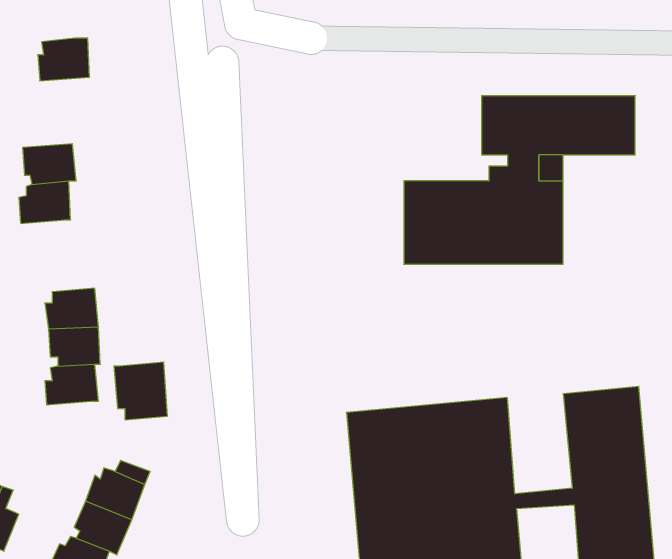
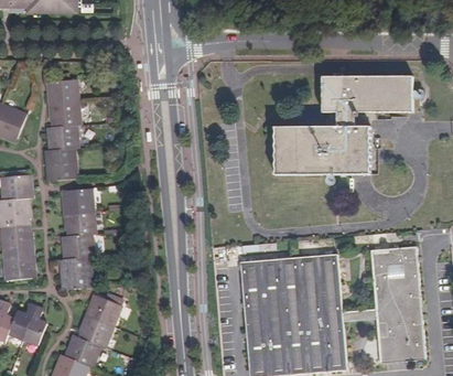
building: [38,38,90,81] -> [47,79,78,105]
building: none -> [44,148,76,181]
building: [114,362,168,420] -> [60,256,91,290]

